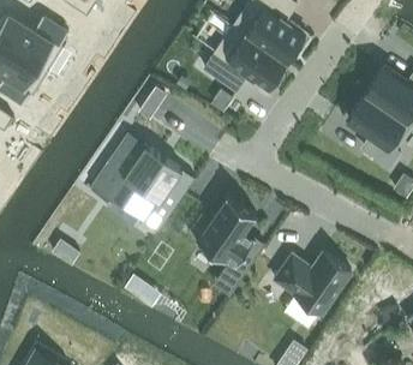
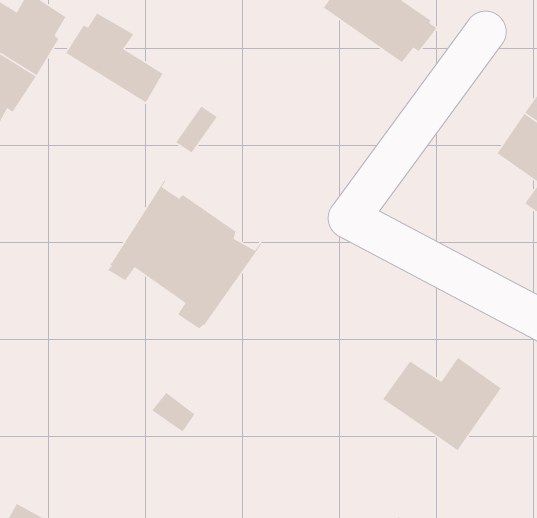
building: [203,25,286,91] -> none
building: none -> [65,12,164,103]
building: [187,196,263,273] -> none

